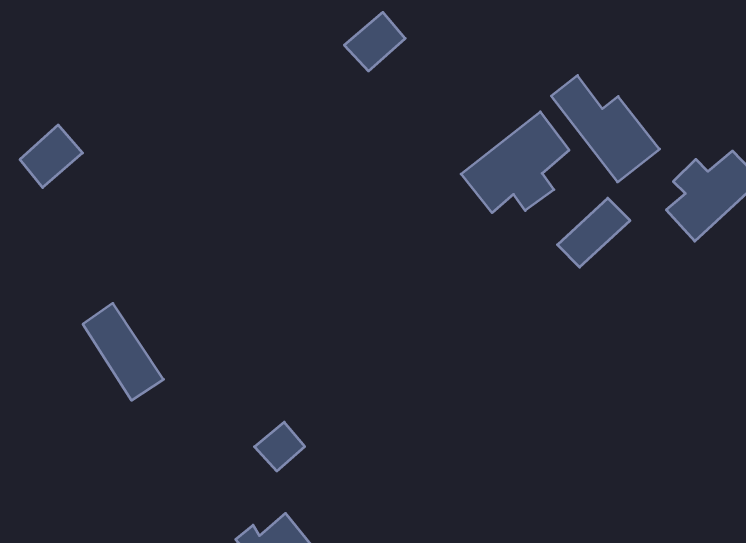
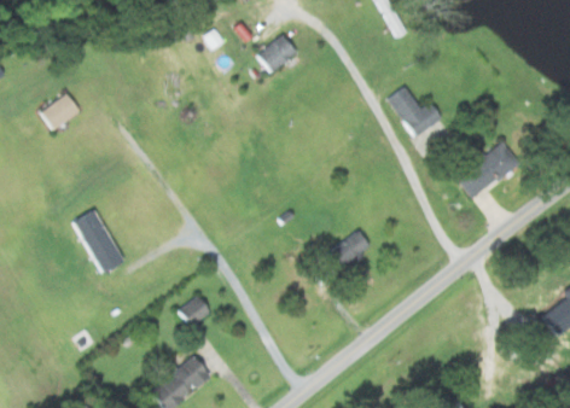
building: [461,112,569,213] -> none
building: [557,198,630,267] -> [324,229,372,273]

